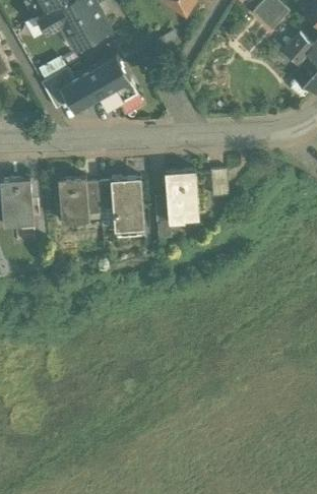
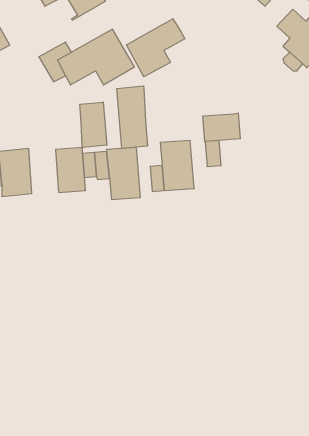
building: none -> [126,19,185,77]
building: none -> [117,86,147,149]
building: none -> [80,102,107,148]
building: none -> [203,113,240,142]

